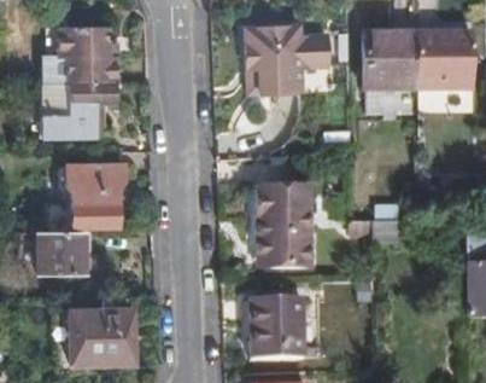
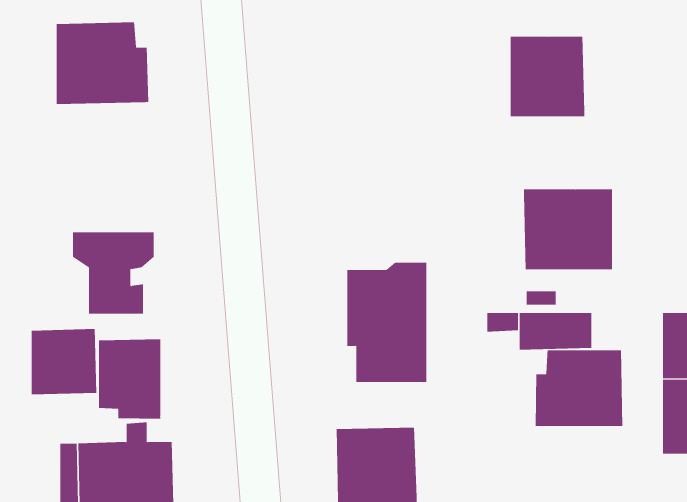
building: [245,24,327,94] -> none
building: [415,31,475,86] -> [523,189,613,270]
building: [49,80,121,135] -> none
building: none -> [98,338,161,419]
building: none -> [535,349,623,427]

